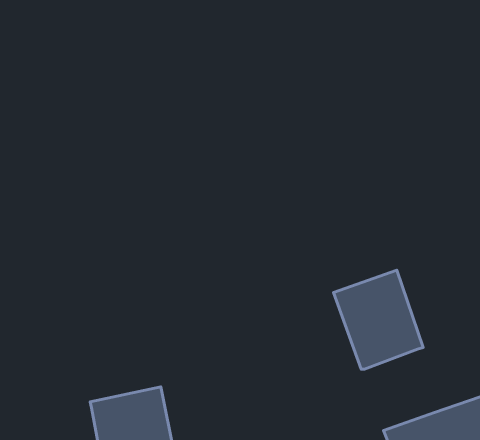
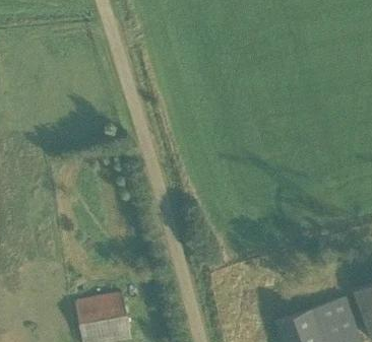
building: [333,270,423,369] -> none

